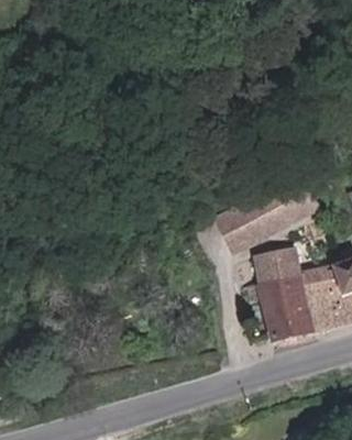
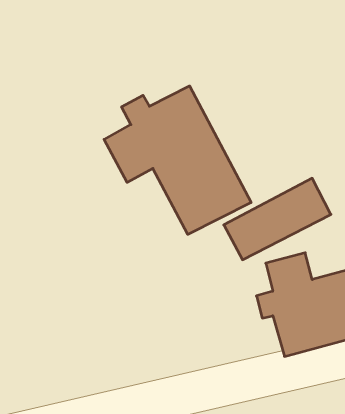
building: none -> [104,86,251,234]

